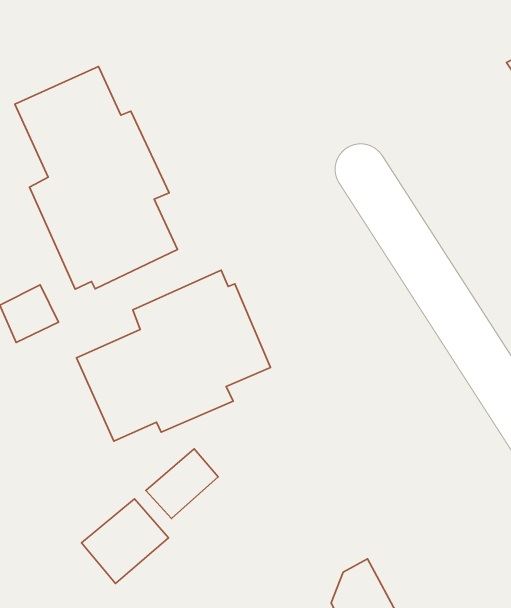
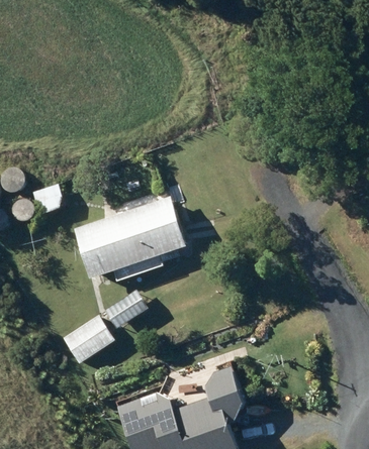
building: [15,66,178,289] -> none

